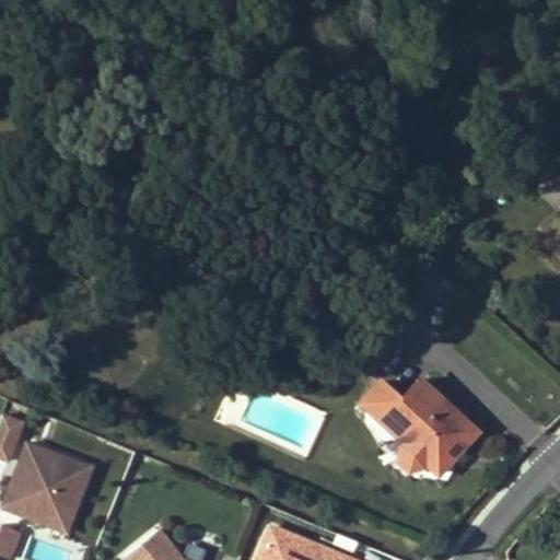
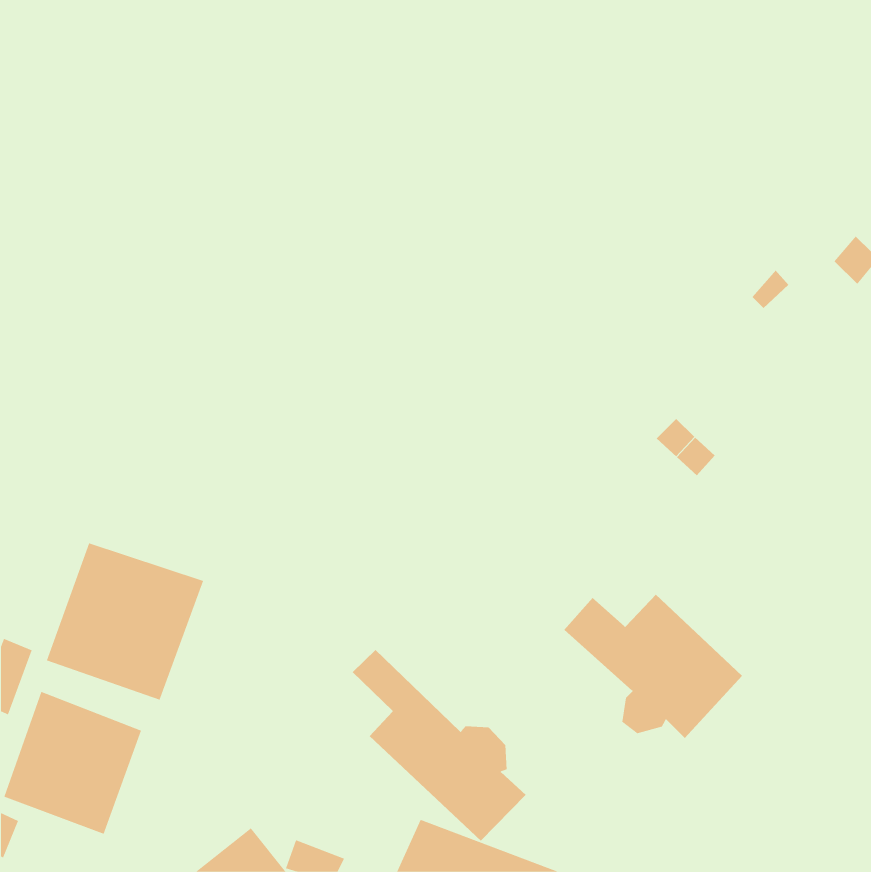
building: none -> [46,543,204,700]
building: none -> [352,649,527,841]

